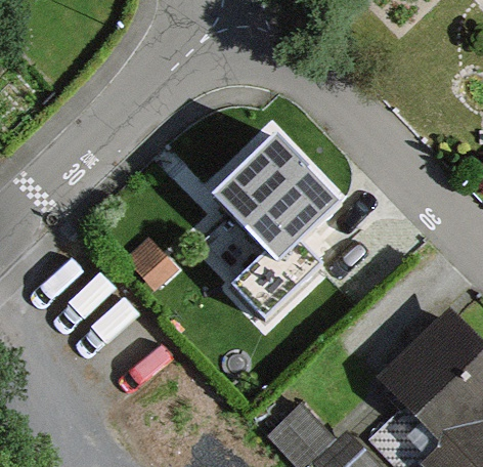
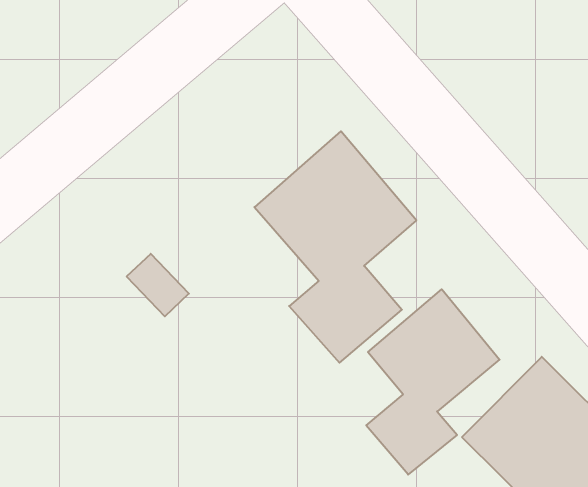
building: none -> [366,289,500,475]

